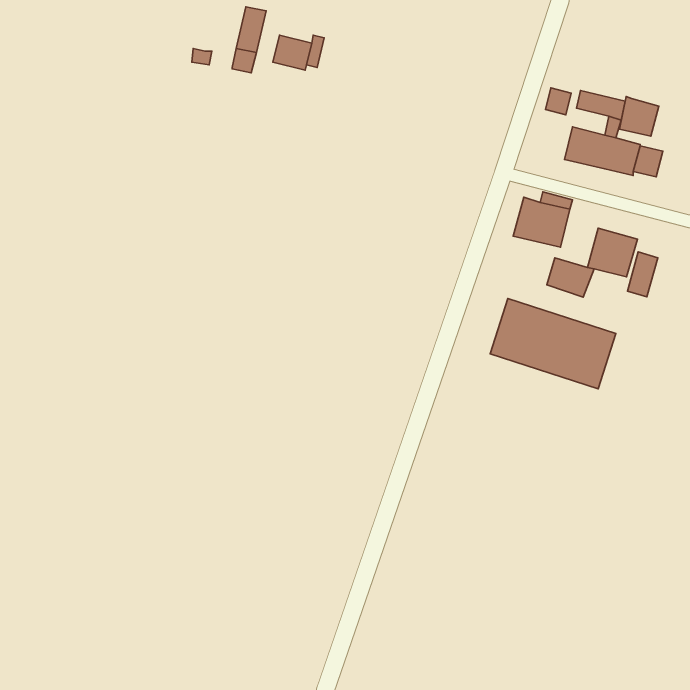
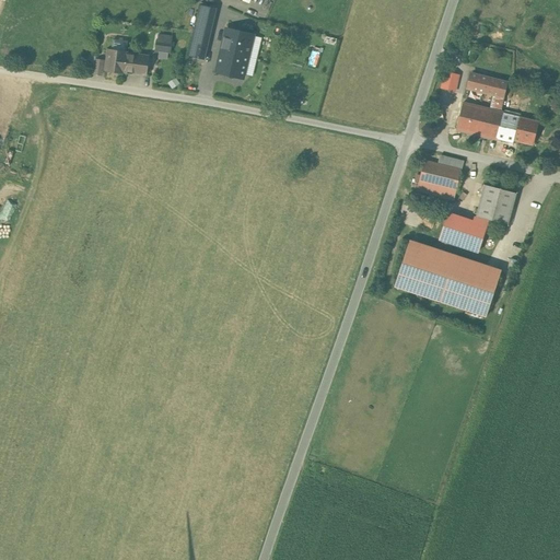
building: none -> [105,50,148,75]
building: none -> [217,50,247,78]
building: [619,97,659,136] -> none
building: [627,252,658,297] -> none

